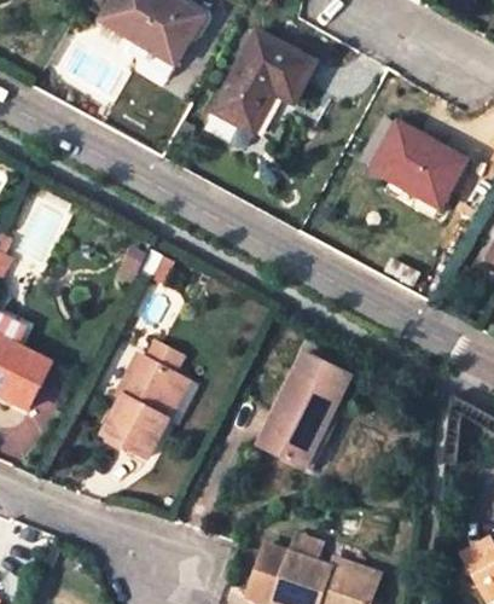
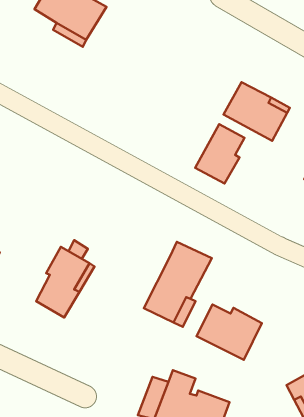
building: [202,30,314,150] -> none
building: none -> [195,124,244,184]
building: none -> [197,304,262,360]

